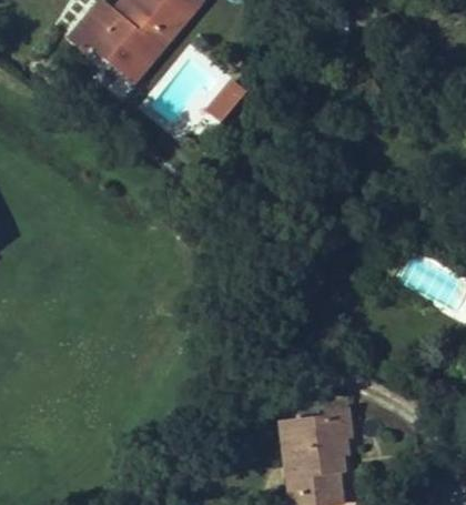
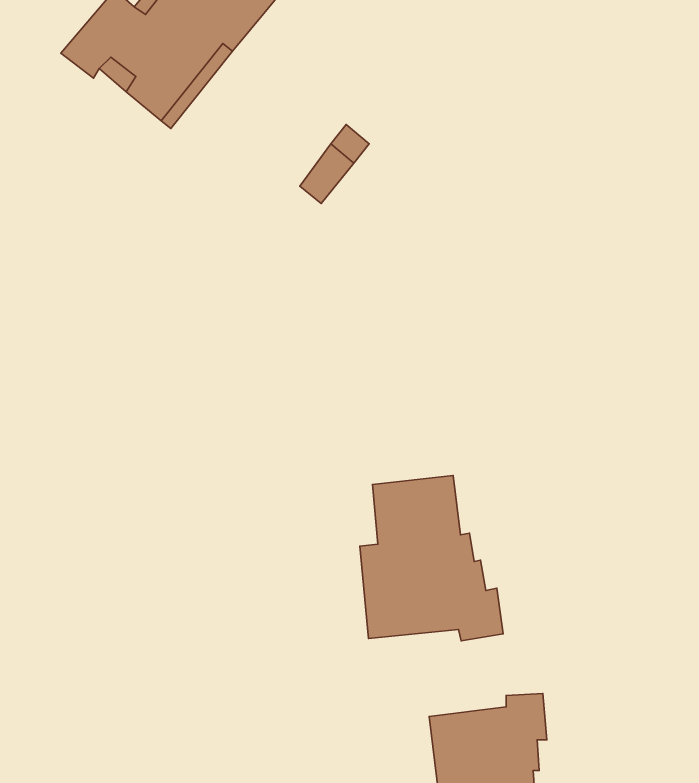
building: none -> [360,476,503,641]

